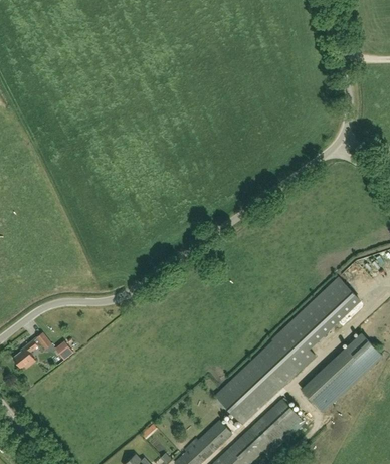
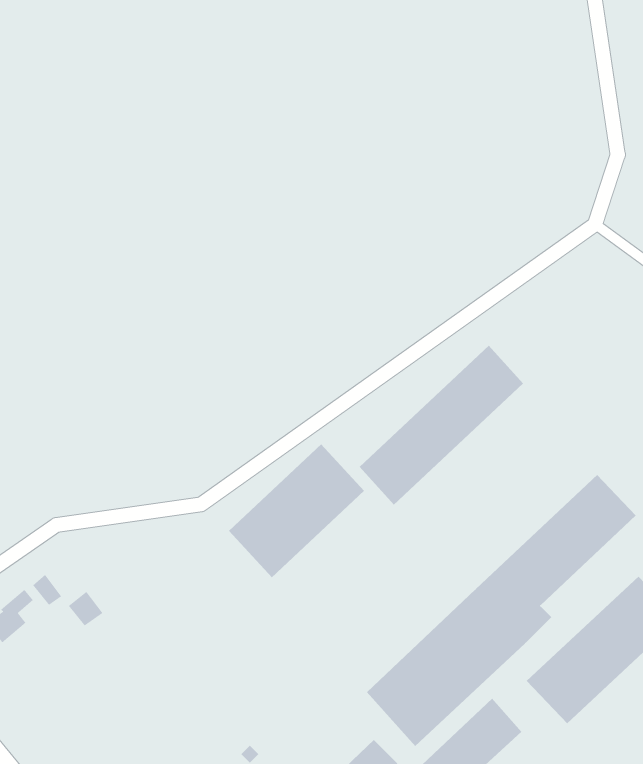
building: none -> [359,345,524,506]
building: none -> [228,443,365,578]

